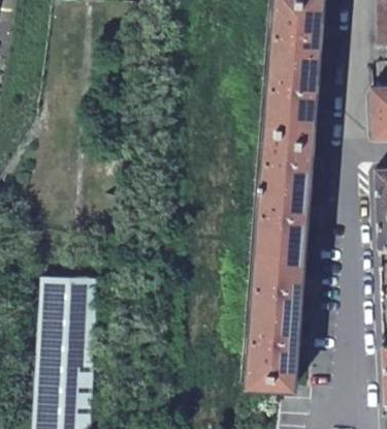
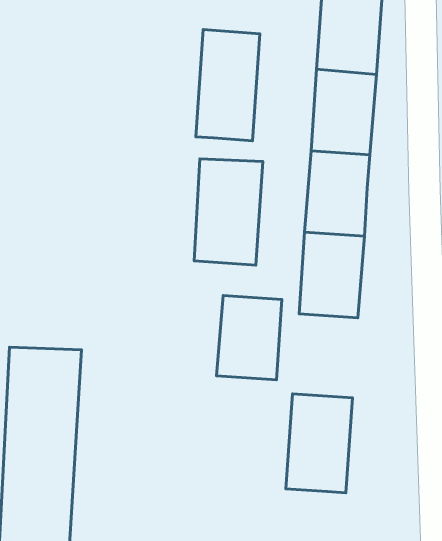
building: none -> [196,30,260,141]
building: none -> [194,159,263,265]
building: [254,250,304,315] -> [217,296,282,380]

